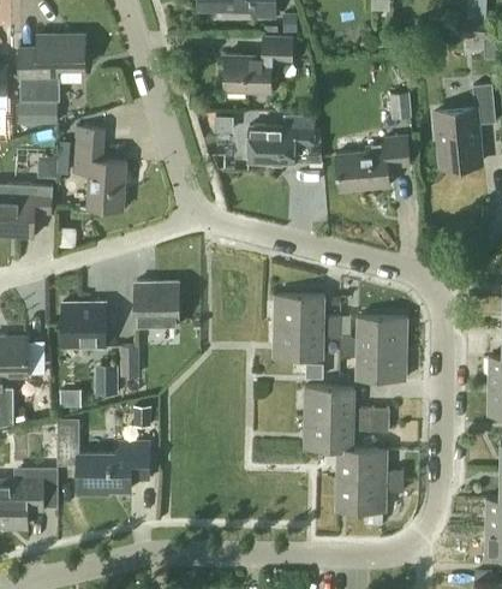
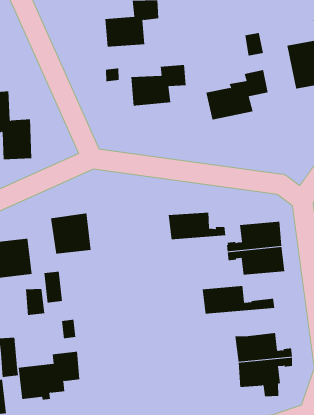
building: [273,326,340,373] -> none
building: [303,418,388,450] -> none

